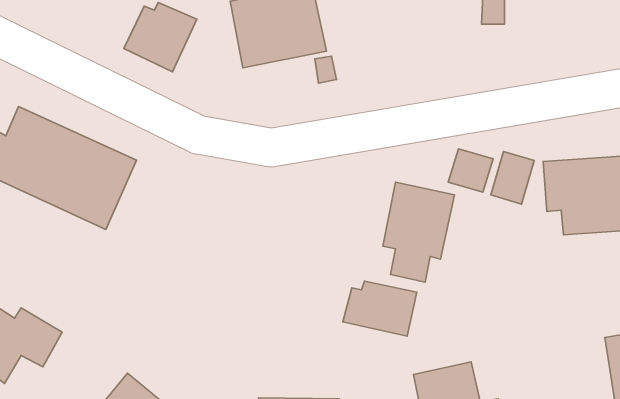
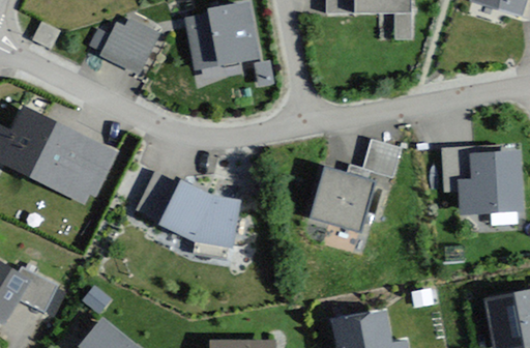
building: [491,151,534,204] -> none
building: none -> [135,169,244,246]
building: [343,281,417,336] -> none

